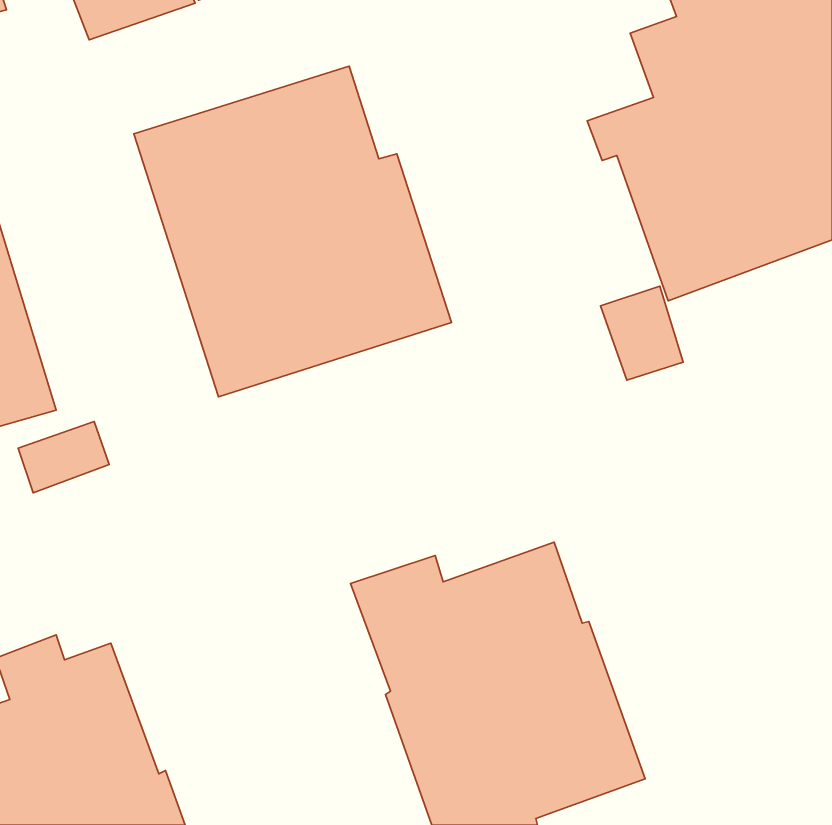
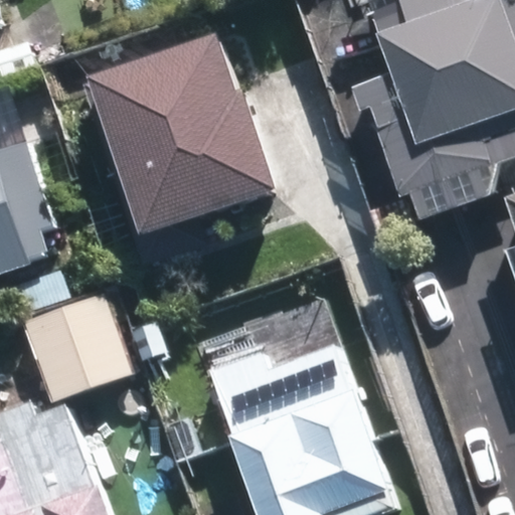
building: none -> [25,279,135,386]

